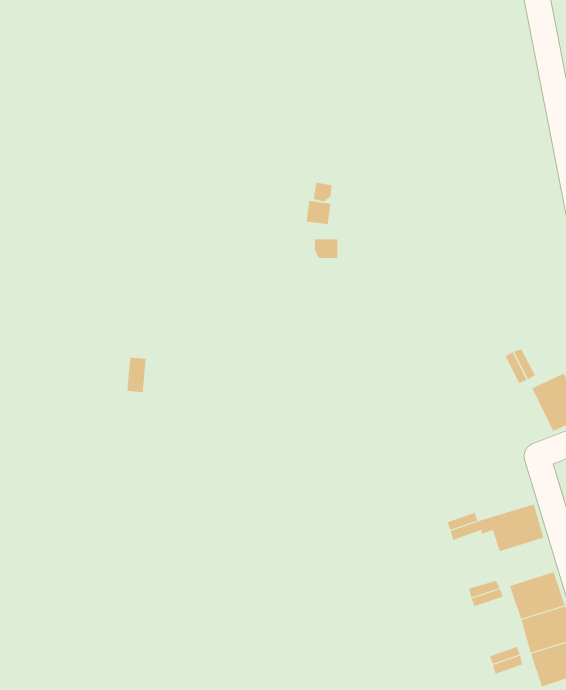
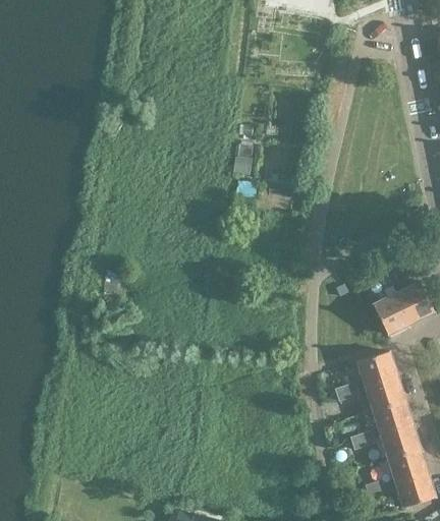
building: none -> [373,293,411,336]
building: none -> [356,352,398,387]
building: none -> [373,401,412,436]

